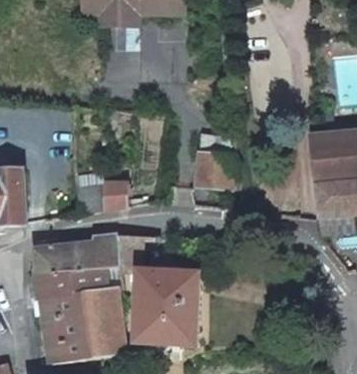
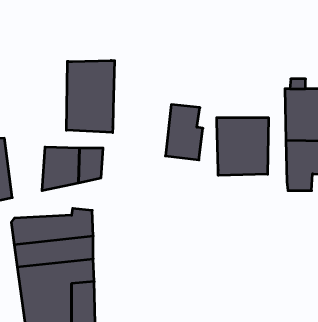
building: none -> [66,60,115,133]
building: none -> [217,118,268,175]
building: [135,271,199,345] -> none

